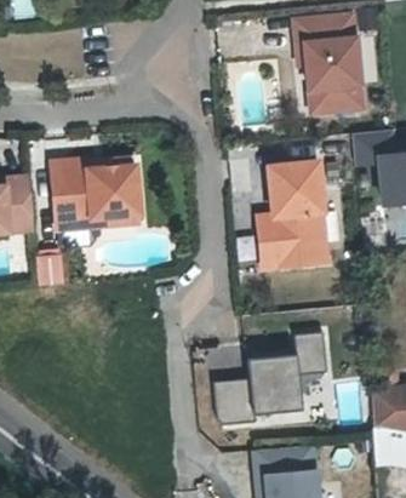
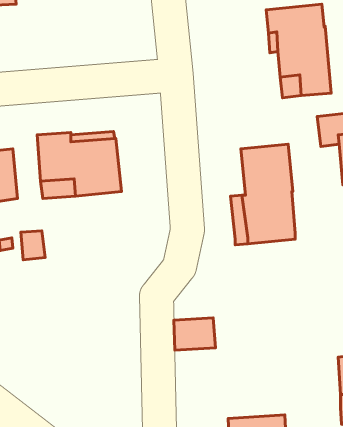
building: [212,334,325,427] -> none

